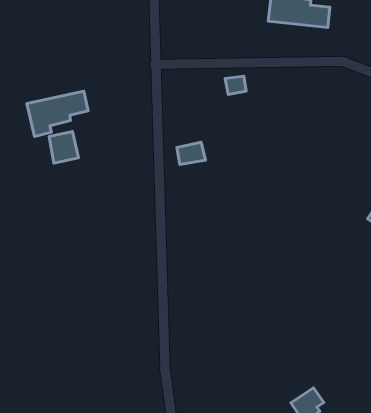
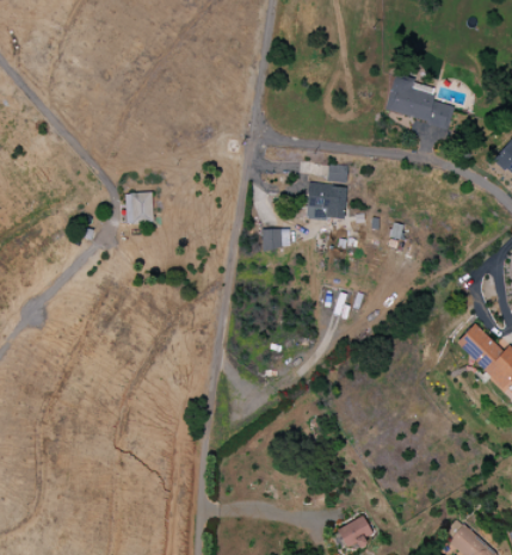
building: [27,91,88,137] -> none
building: none -> [307,184,347,220]

